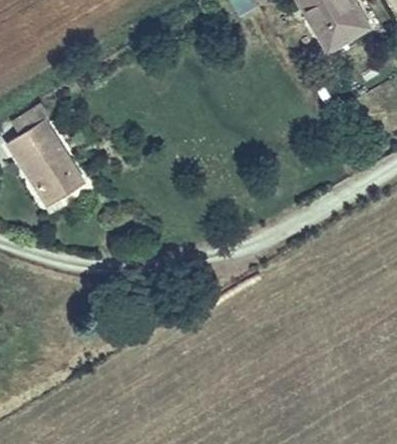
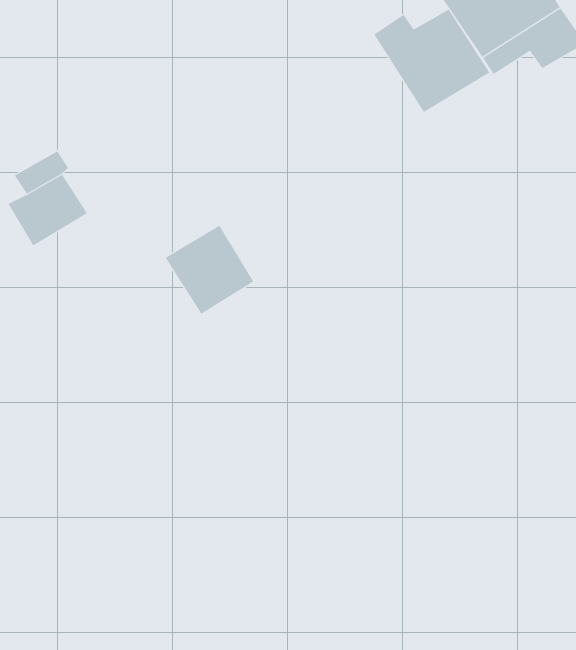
building: none -> [374,9,490,113]
building: [28,144,85,201] -> [165,225,254,314]

